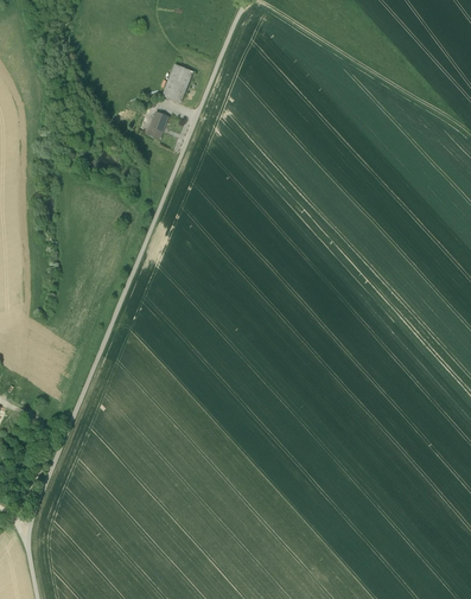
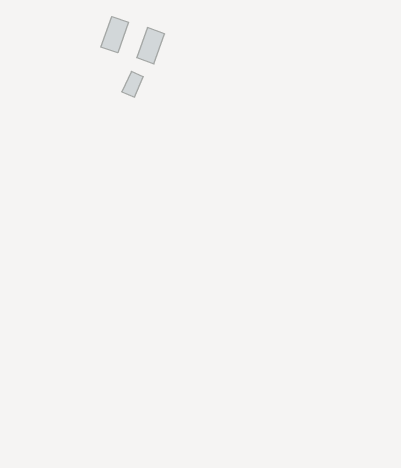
building: none -> [101,17,129,53]

